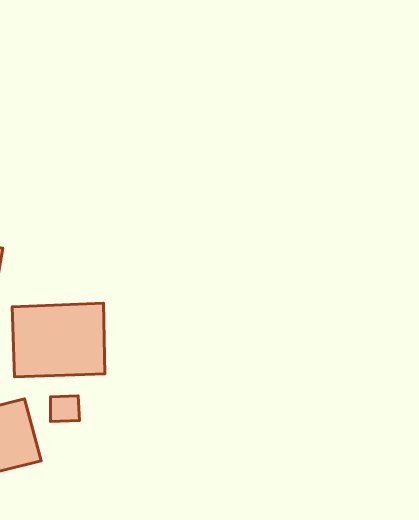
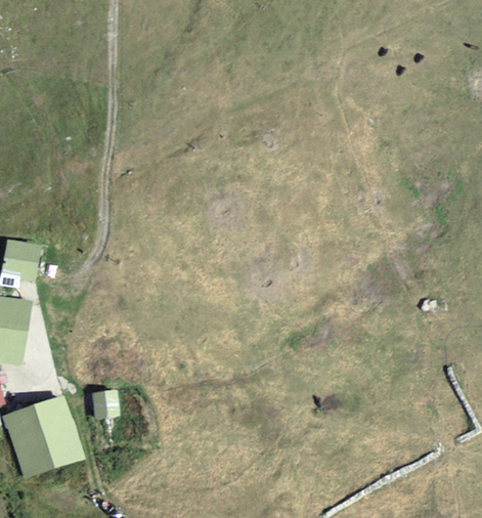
building: [12,303,105,377] -> none

